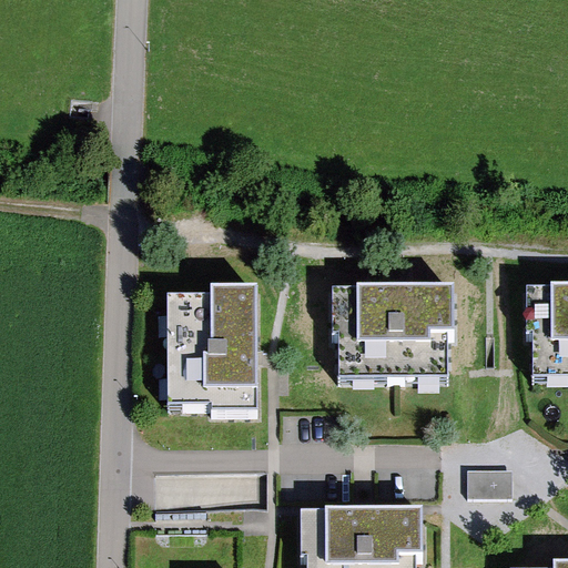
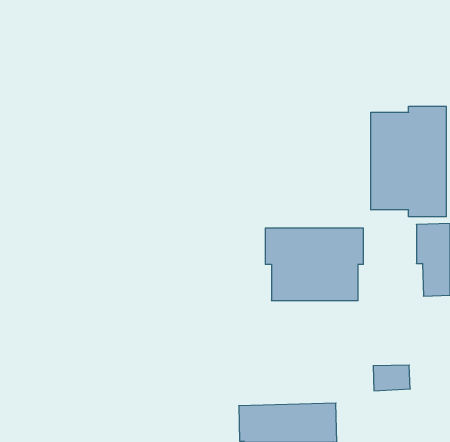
building: none -> [371,106,446,217]
building: [169,286,256,408] -> none

